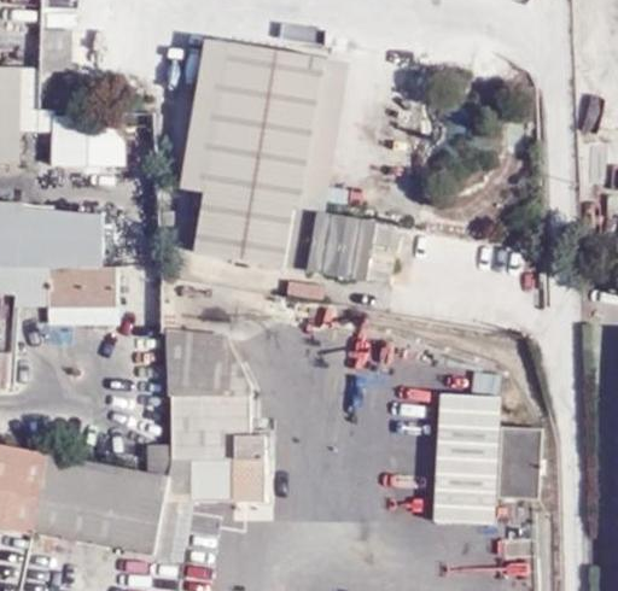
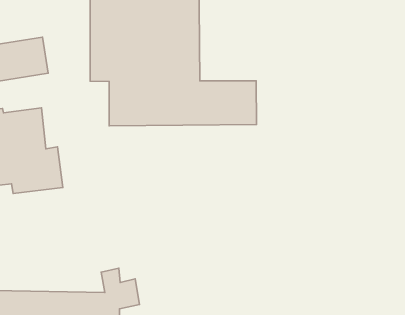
building: [164,329,263,504] -> none
building: [431,375,538,525] -> none

